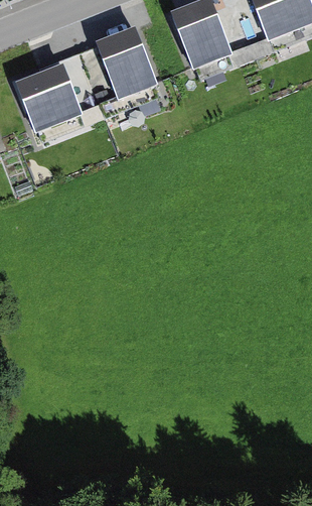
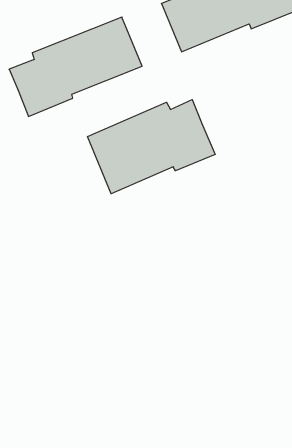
building: none -> [87,100,215,194]

